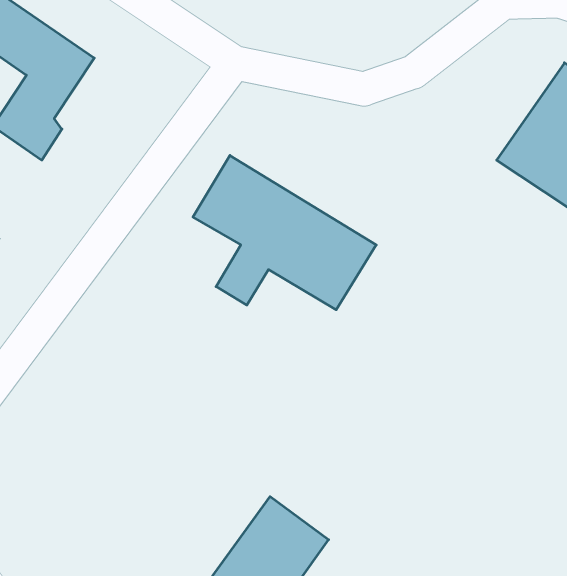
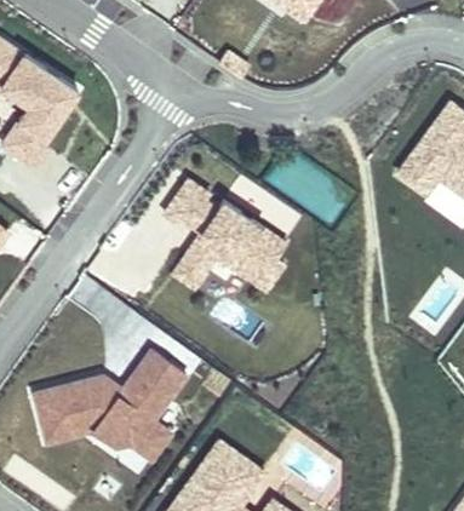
building: none -> [28,351,195,480]

